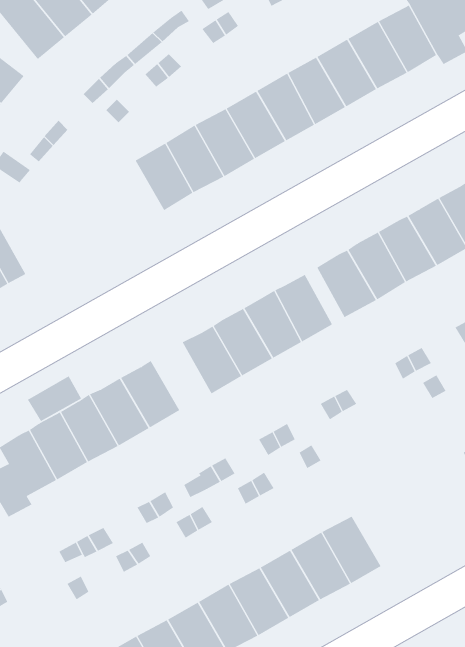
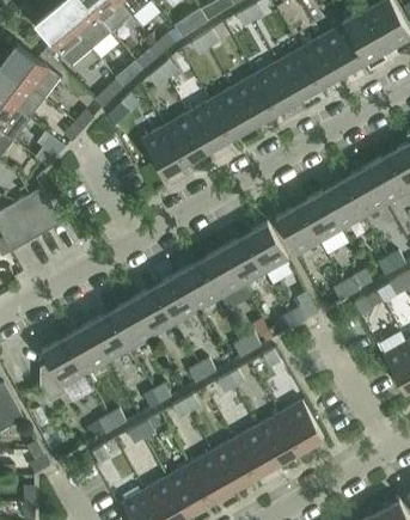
building: none -> [153,274,197,324]
building: [27,376,82,422] -> none

